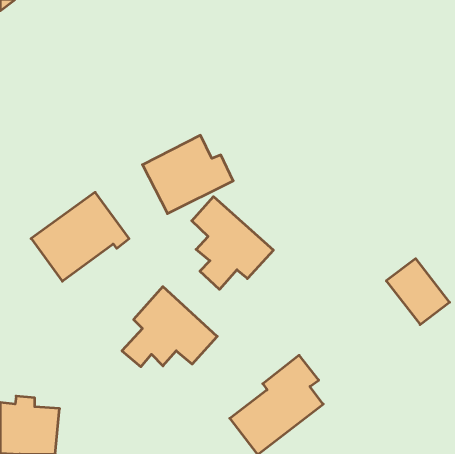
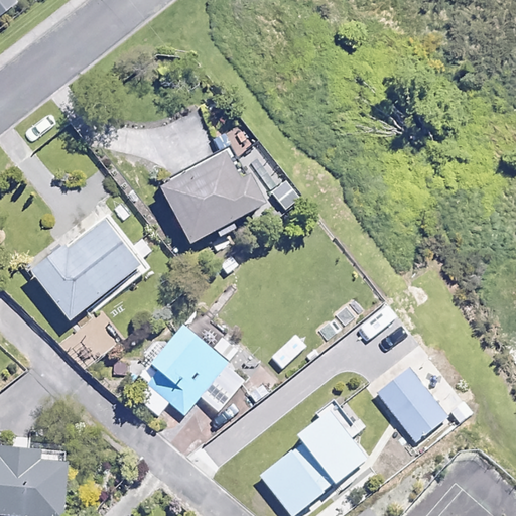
building: [192,197,273,289] -> none
building: [386,259,450,325] -> [376,368,447,442]

